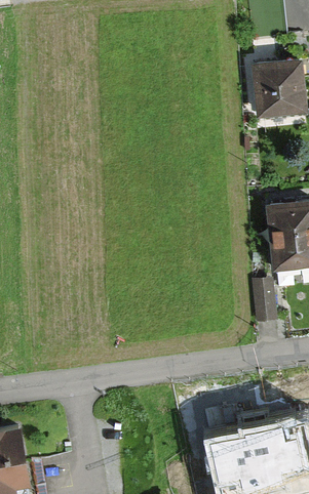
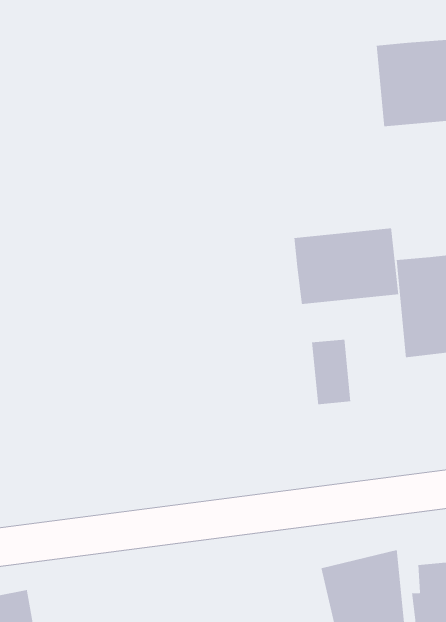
building: none -> [294,228,399,305]
building: [250,280,277,324] -> [311,339,351,405]

